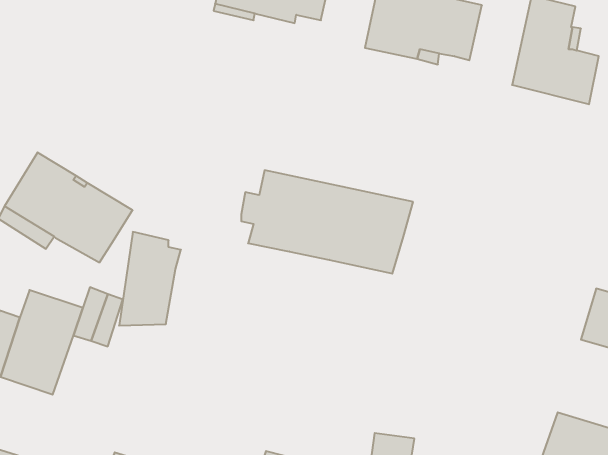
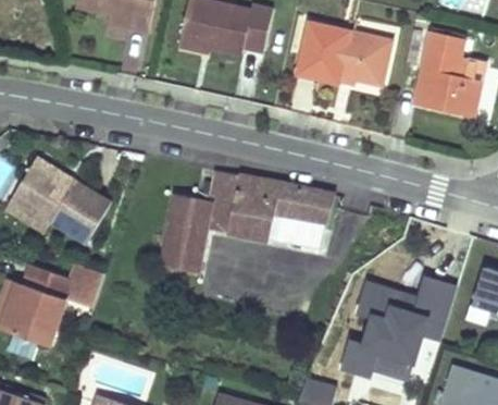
building: [119,232,181,326] -> [161,199,210,273]
building: none -> [338,272,457,378]

